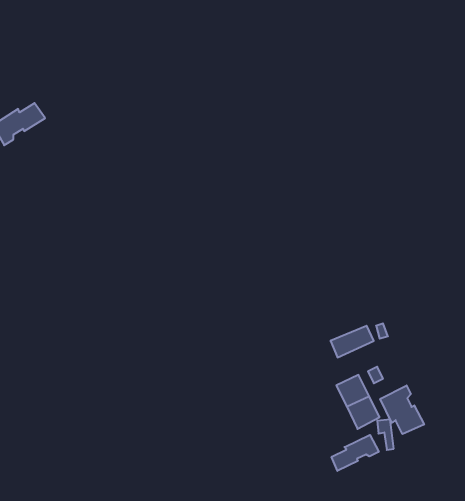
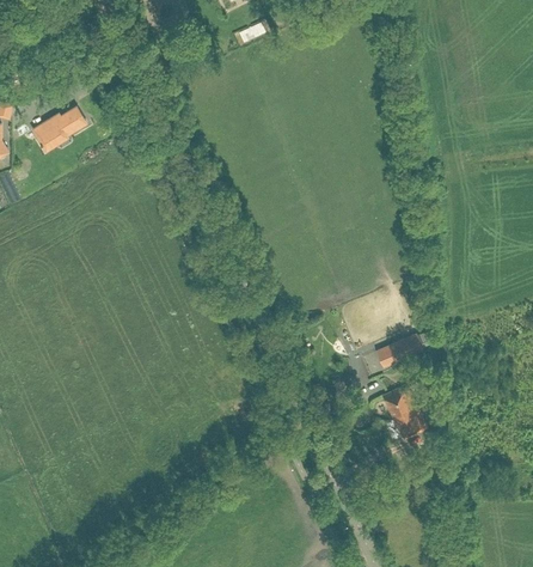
building: [380,385,424,434] -> none
building: [332,435,379,471] -> none

